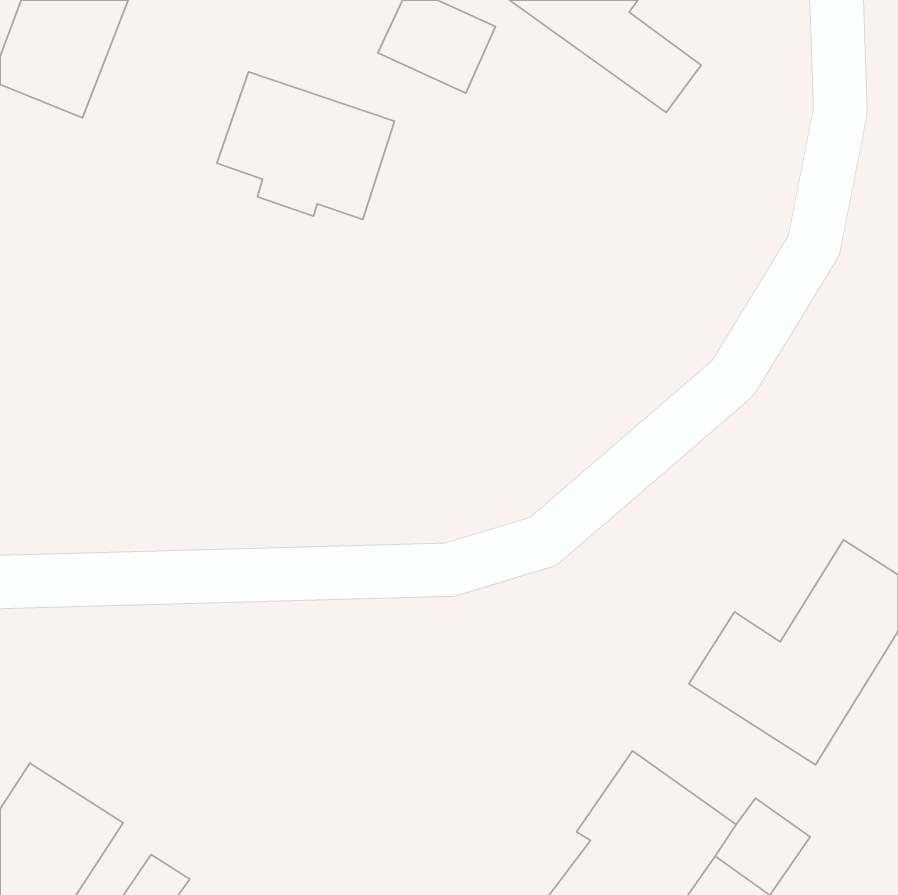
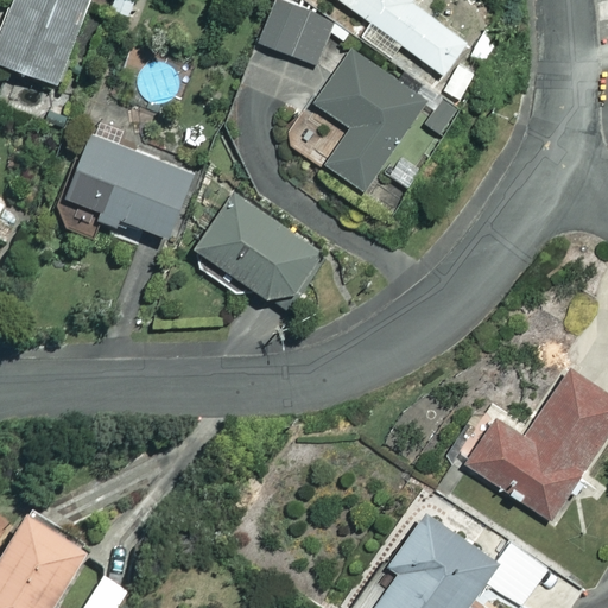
building: none -> [315,50,425,190]
building: [217,72,394,220] -> [69,137,189,236]
building: none -> [189,195,322,309]

